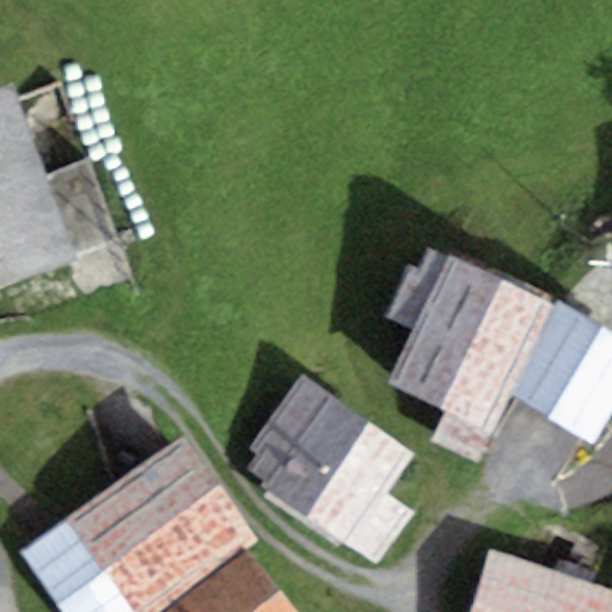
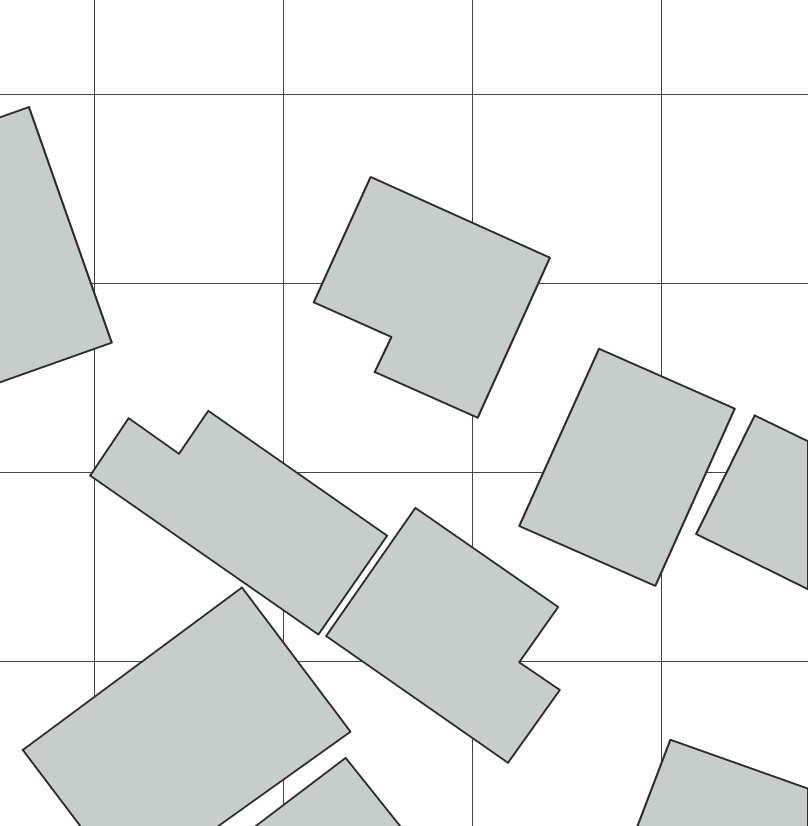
building: none -> [314,177,550,418]
building: none -> [90,411,387,635]

